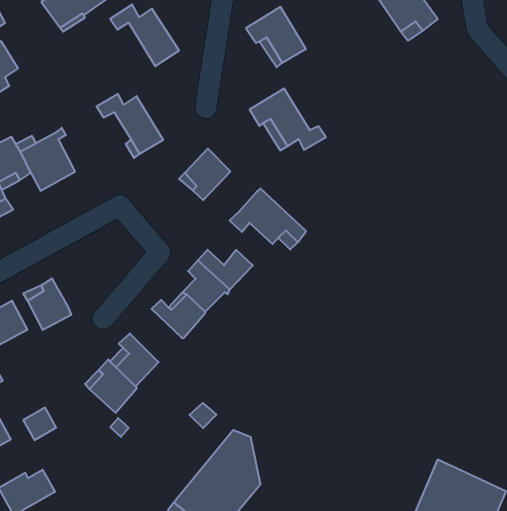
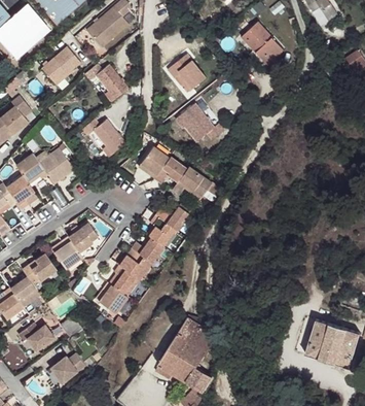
building: none -> [153,156,186,183]
building: none -> [68,223,98,251]
building: none -> [119,247,151,279]

